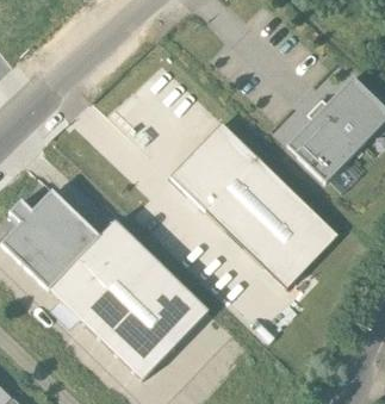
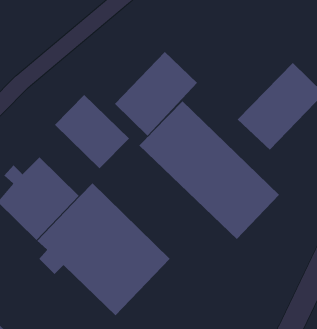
building: none -> [114,51,198,136]
building: none -> [54,94,130,169]

